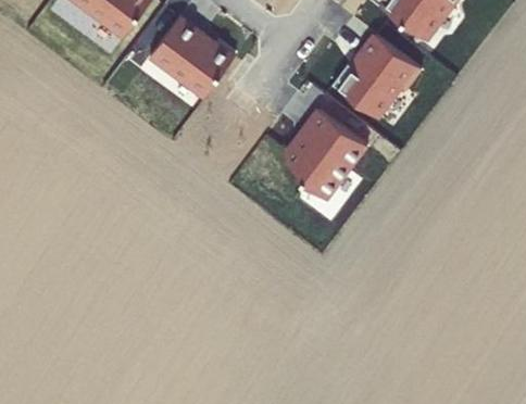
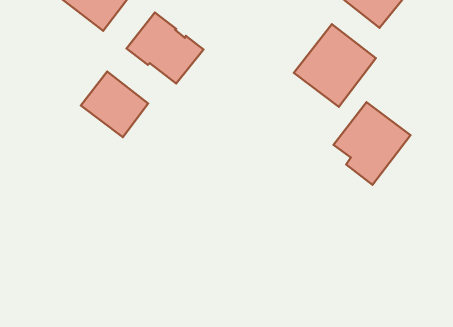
building: none -> [81,72,148,137]
building: [284,105,370,198] -> [333,102,410,185]

